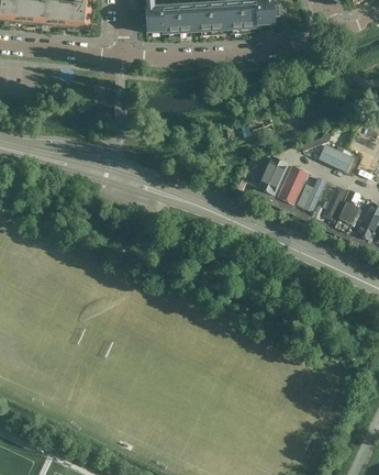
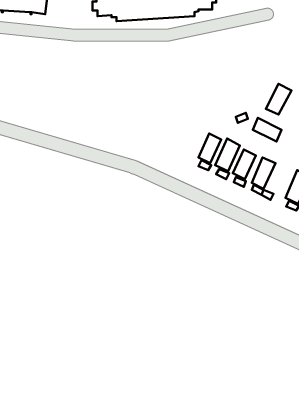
building: none -> [266,84,292,115]
building: [336,191,365,228] -> none

